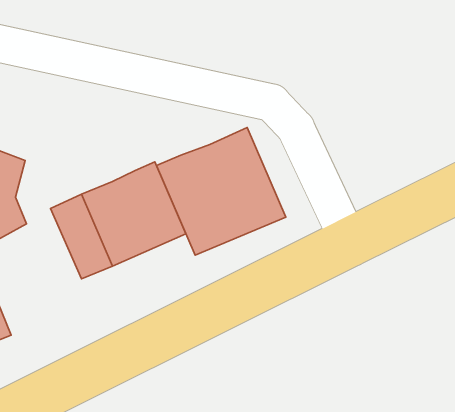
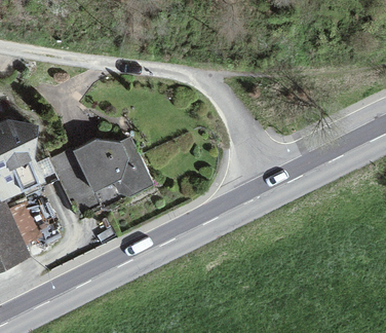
building: [157,128,286,255] -> none

